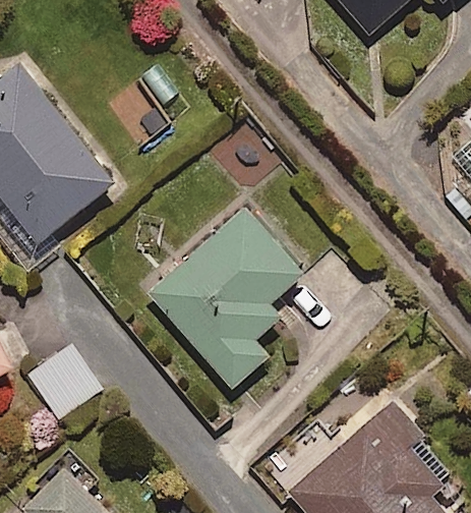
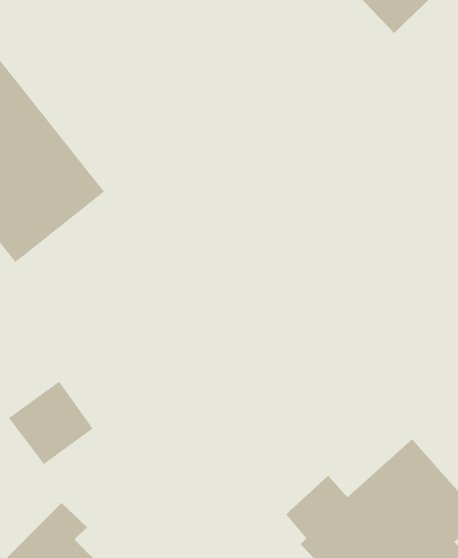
building: [146,207,303,390] -> none

